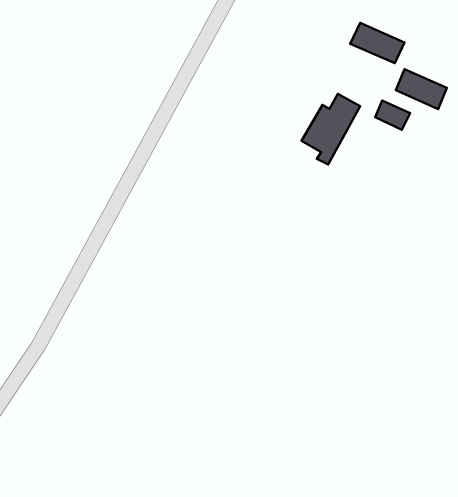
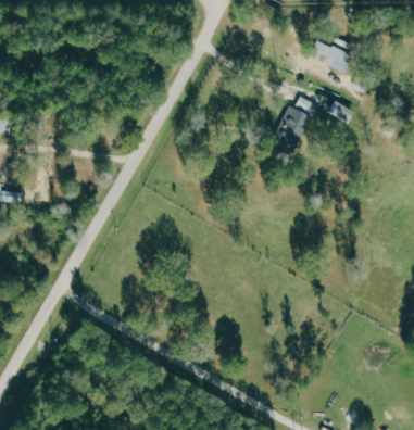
building: [396,69,447,109] -> none

